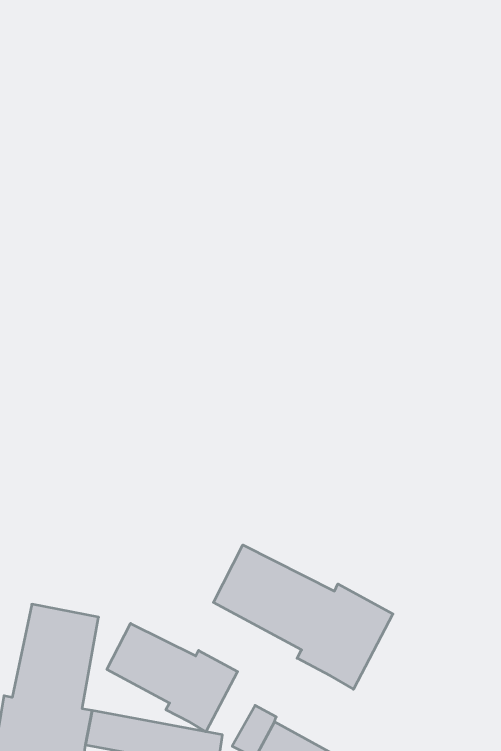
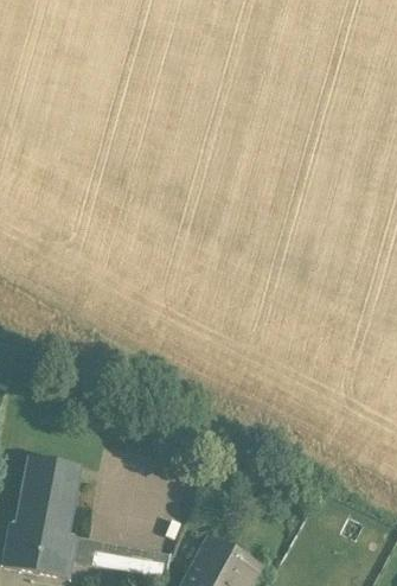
building: [213,545,393,689] -> none
building: [107,623,238,732] -> none

